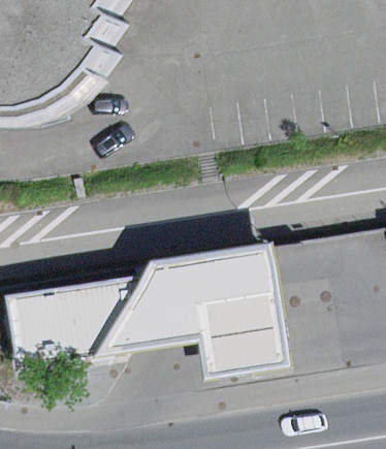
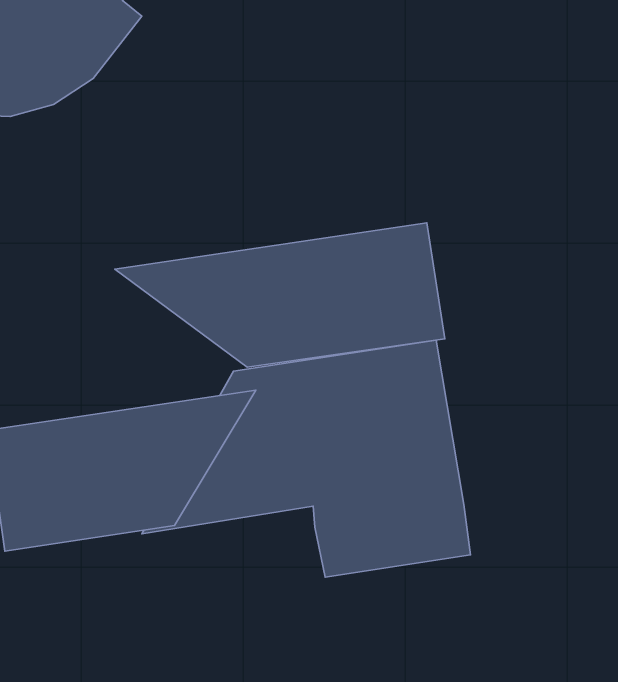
building: none -> [115,223,445,367]

